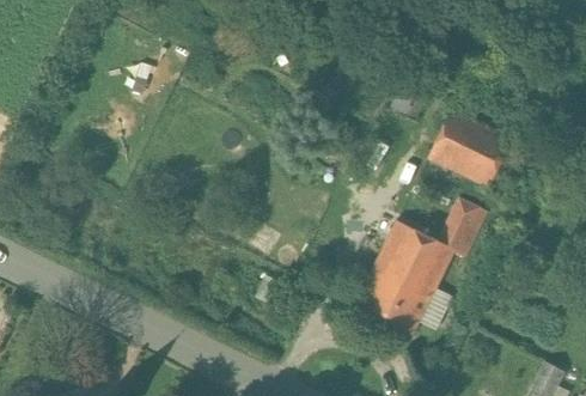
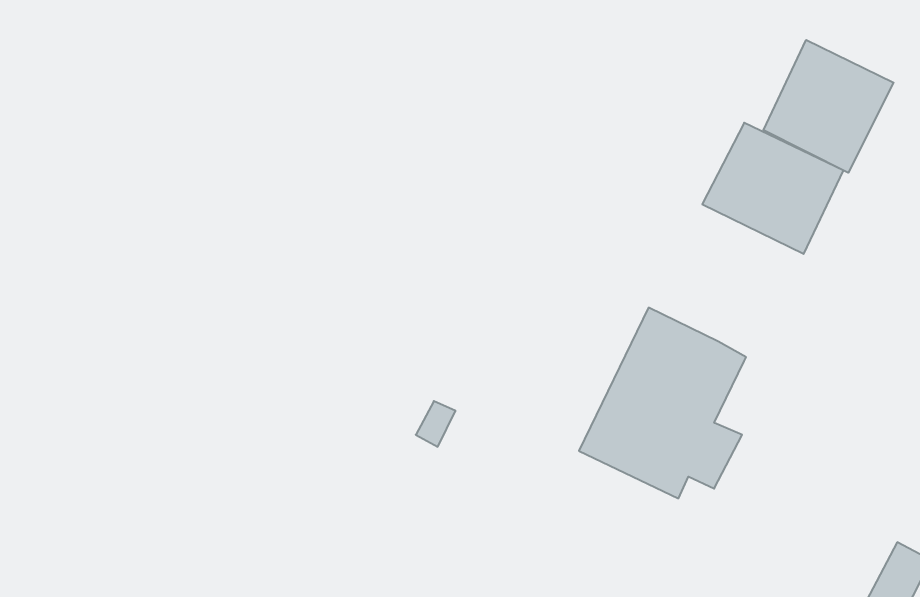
building: none -> [763,40,894,173]
building: [439,196,488,256] -> none

